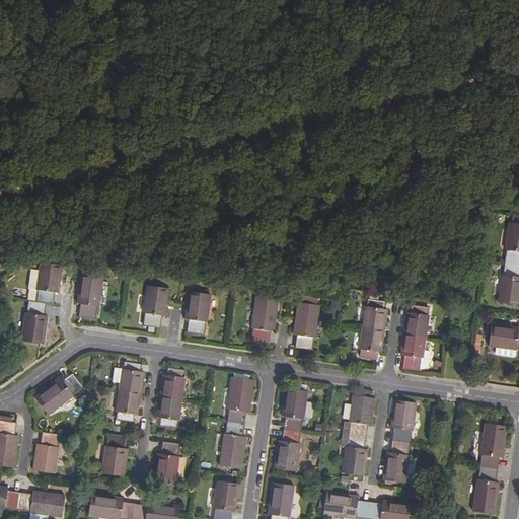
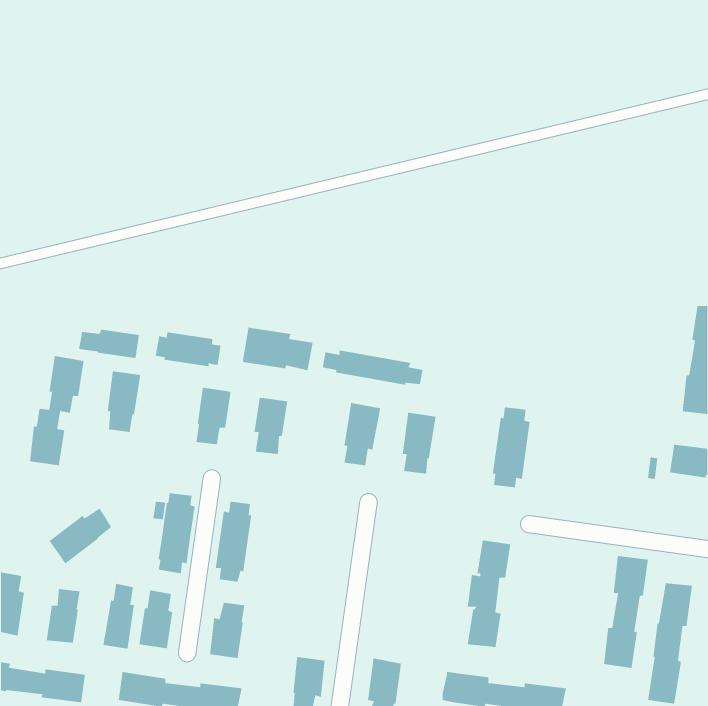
building: none -> [242,327,314,371]
building: none -> [78,329,140,359]
building: none -> [155,331,222,367]
building: none -> [322,349,423,386]
building: [402,305,431,366] -> none
building: [220,377,252,468] -> none
building: [275,389,307,471] -> none
building: [384,400,418,484] -> [603,555,649,669]
building: none -> [103,583,135,650]

